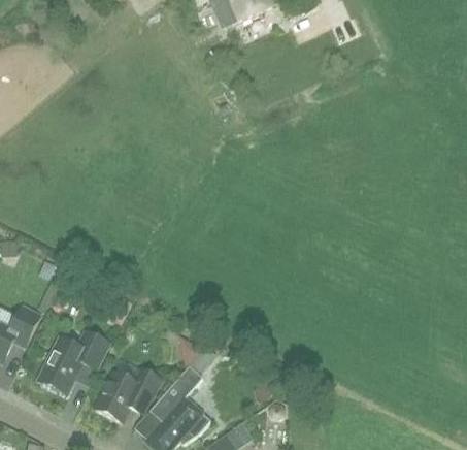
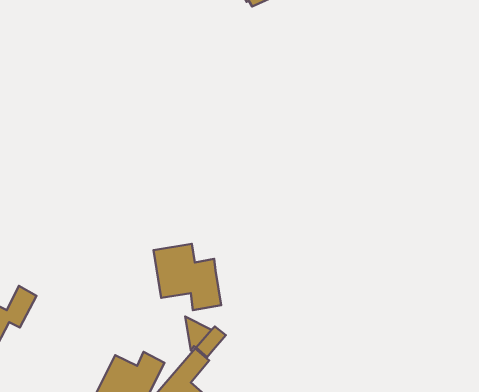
building: none -> [153,244,221,310]
building: [38,329,109,393] -> none

